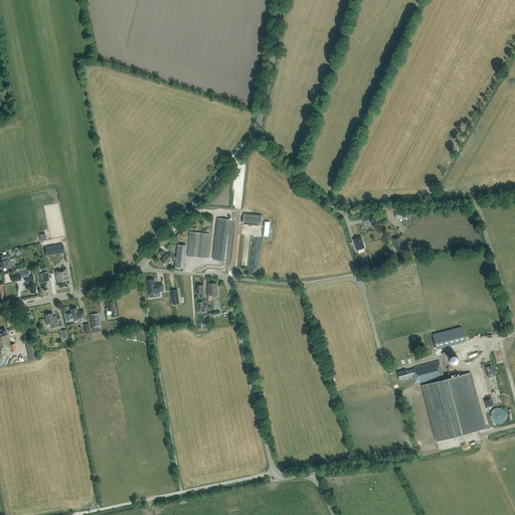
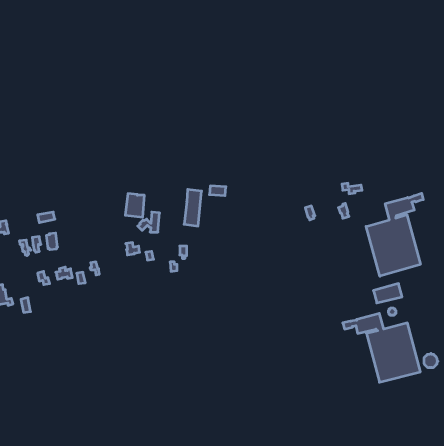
building: none -> [366,193,423,276]
building: [186,231,208,259] -> [125,194,144,217]

